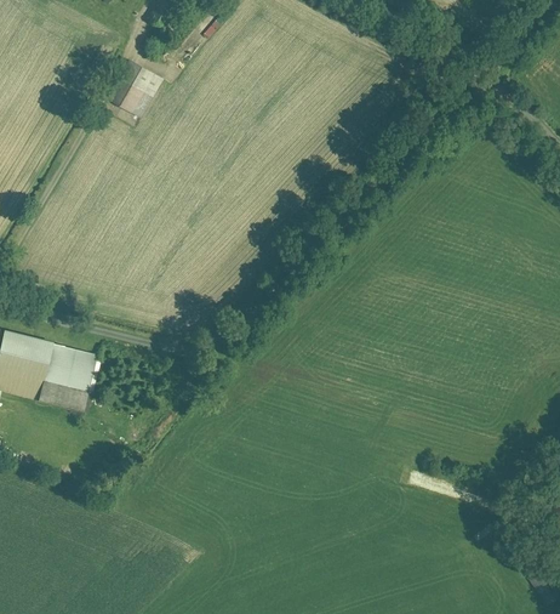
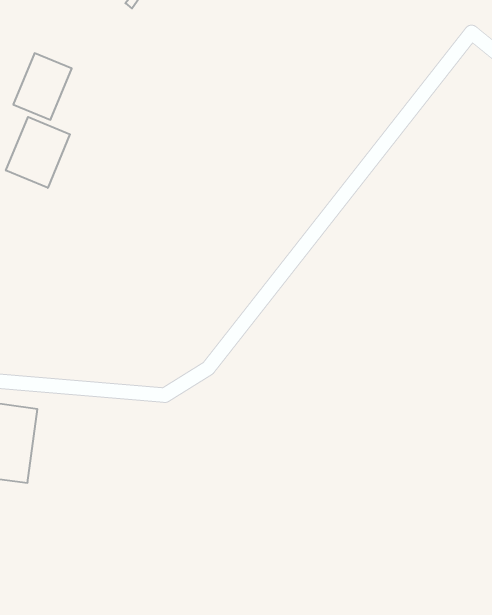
building: none -> [6,117,70,188]

